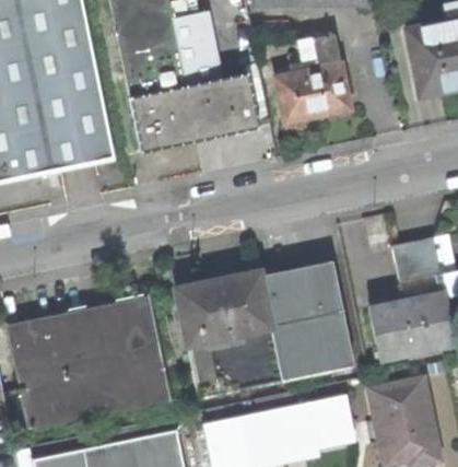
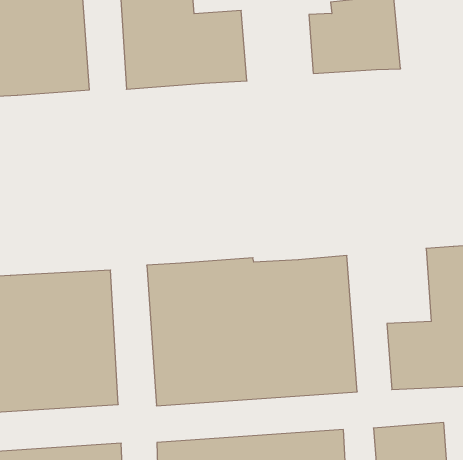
building: [222,77,259,135] -> none

